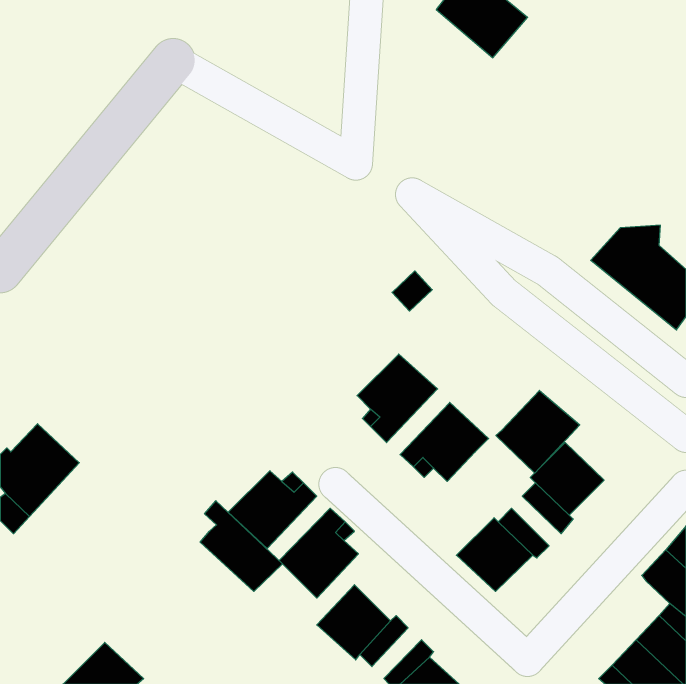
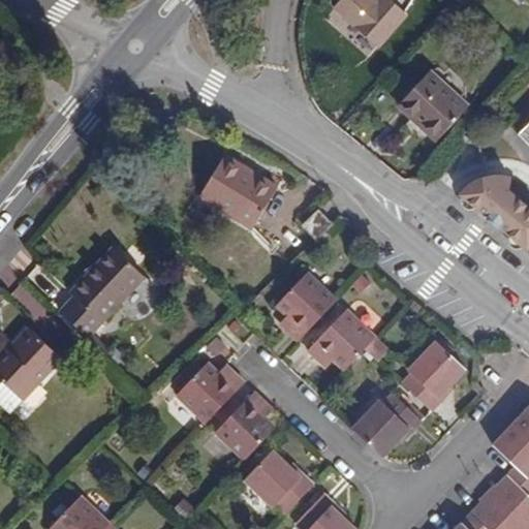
building: none -> [400,70,469,139]
building: none -> [198,154,278,228]
building: none -> [59,246,145,336]
building: [496,390,580,473] -> none
building: [200,501,282,591] -> none

